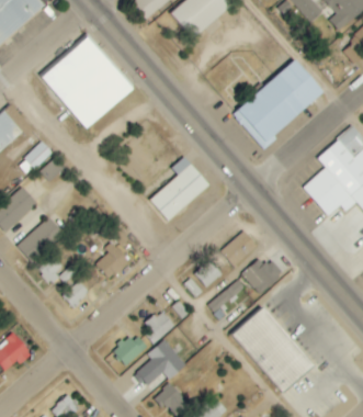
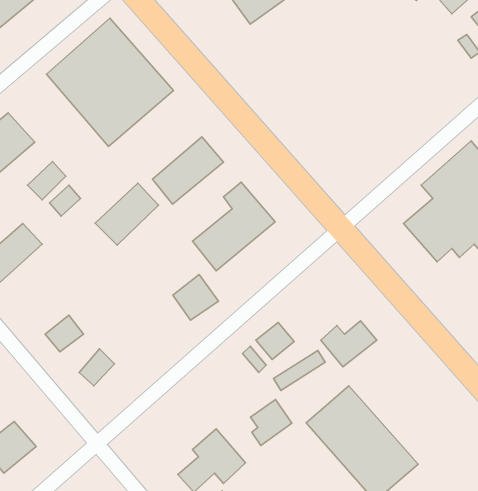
building: [231,59,325,147] -> none
building: none -> [153,137,223,204]
building: [18,216,65,262] -> [95,183,159,245]
building: [220,229,258,267] -> none
building: [95,245,129,279] -> [173,274,218,320]
building: [145,309,175,343] -> [251,400,292,445]
building: [114,333,147,365] -> none

